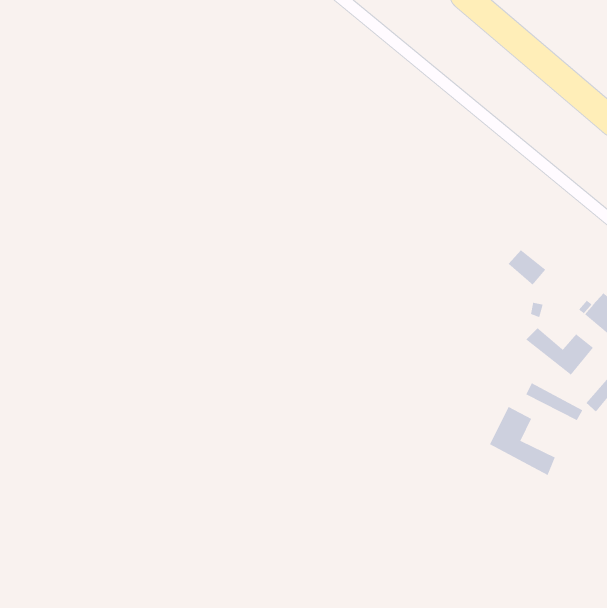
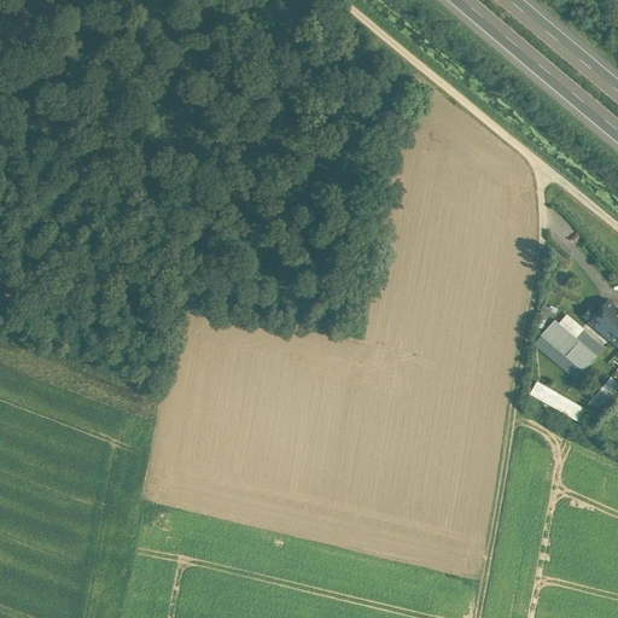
building: [508,249,546,285] -> [547,315,585,351]
building: [489,406,555,476] -> none

